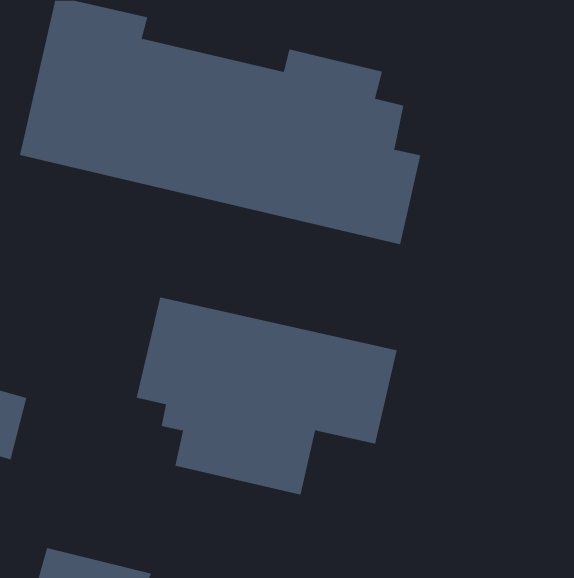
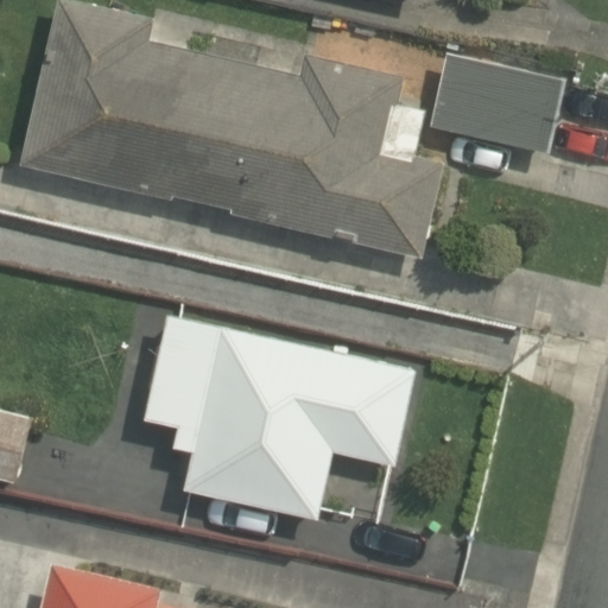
building: none -> [431,56,562,151]

